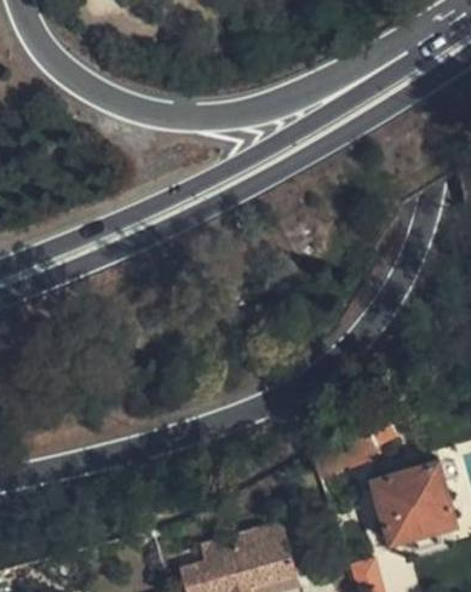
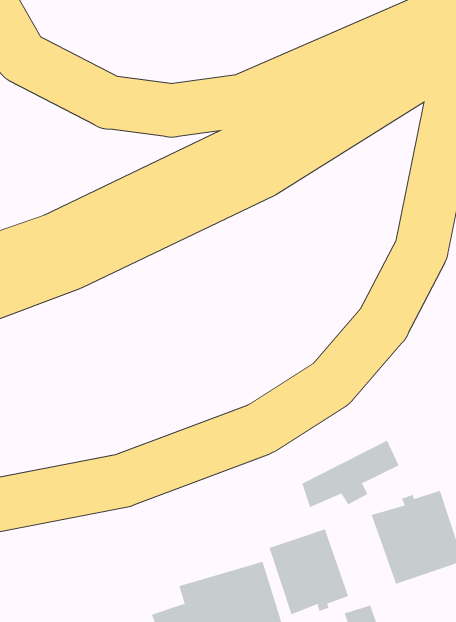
building: none -> [269,529,349,615]

